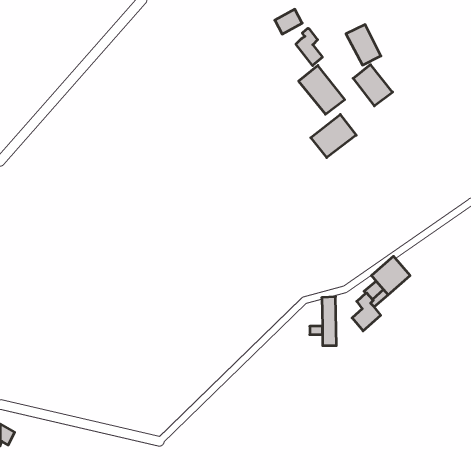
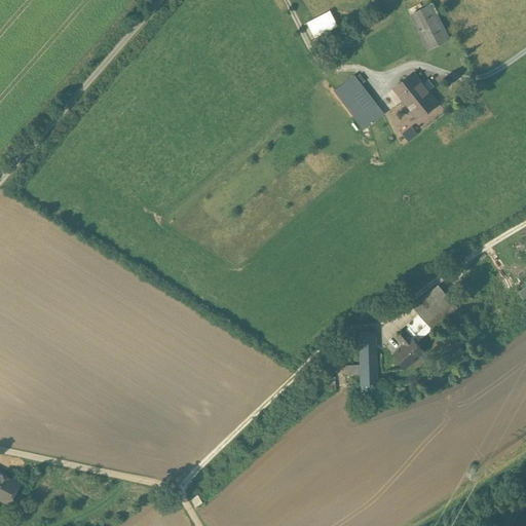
building: [346,25,381,65] -> [410,5,449,50]
building: [296,28,322,66] -> none
building: [311,114,356,158] -> none

